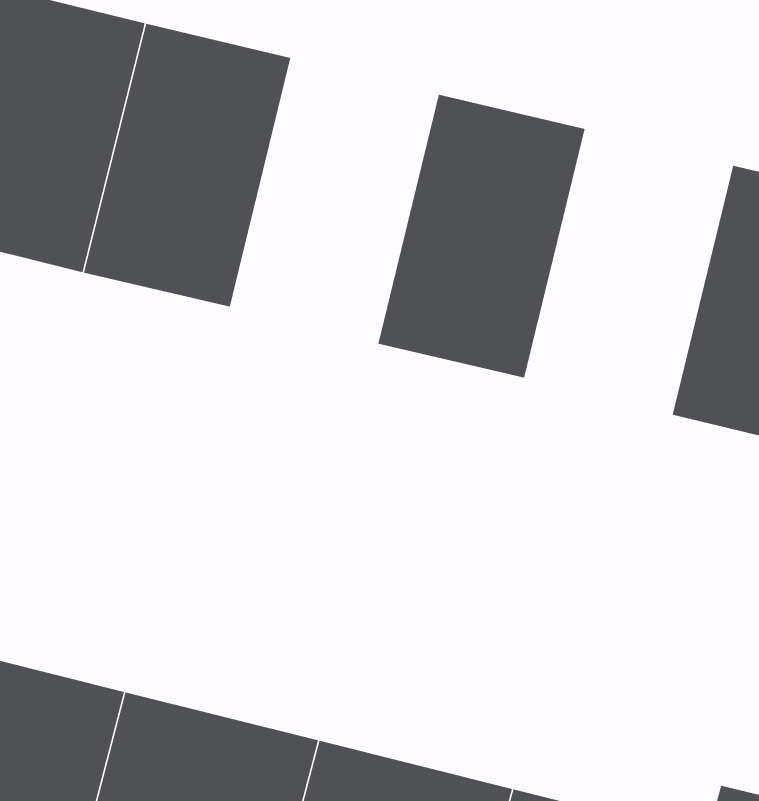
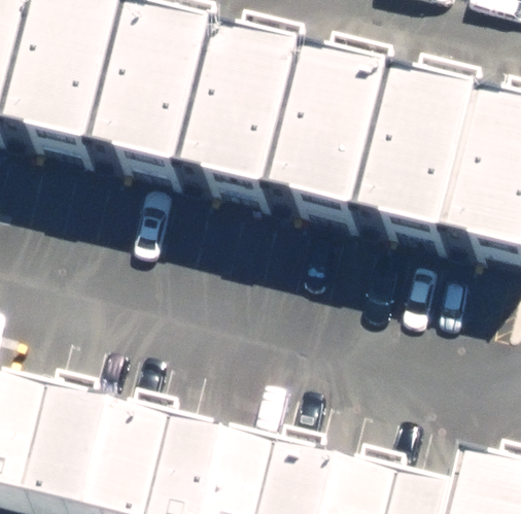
building: none -> [189,39,313,209]
building: none -> [364,81,488,251]

